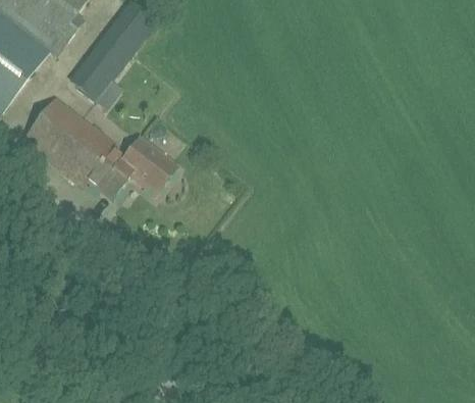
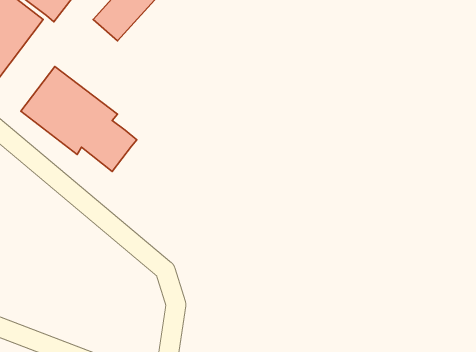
building: [69,65,110,104] -> none
building: [121,138,174,194] -> none

